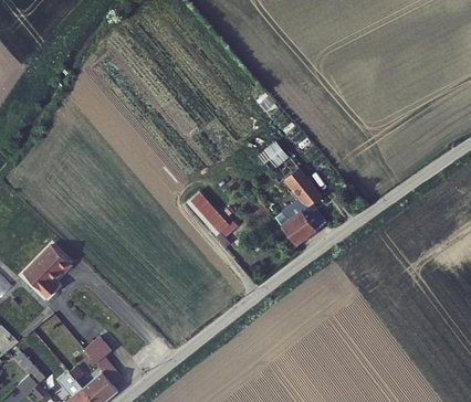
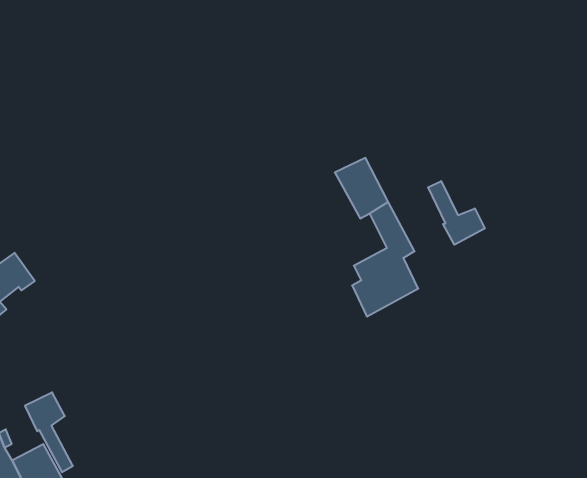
building: none -> [428,181,485,245]
building: [186,189,229,234] -> none

